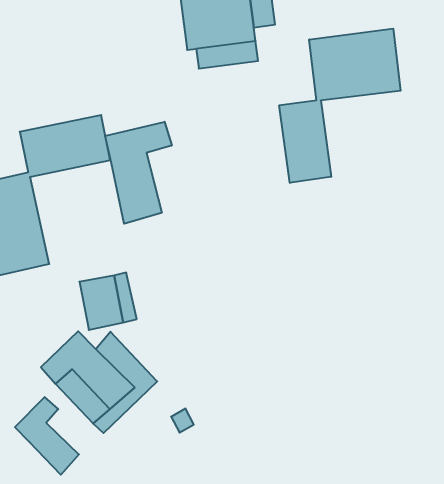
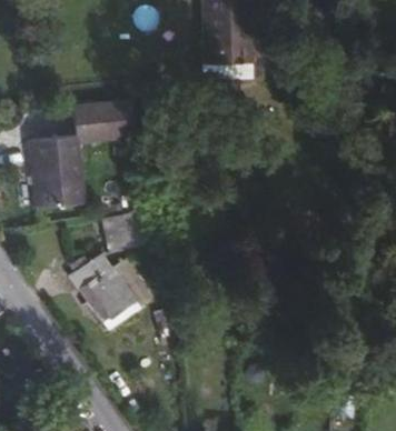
building: [279,29,401,183] -> none
building: [105,122,172,224] -> none
building: [15,397,79,475] -> none

